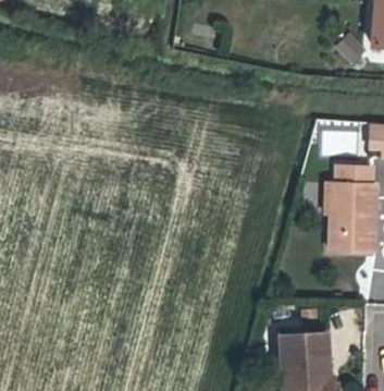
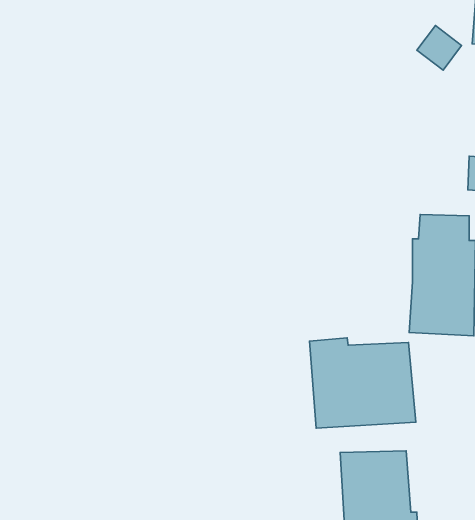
building: none -> [310,338,416,428]

